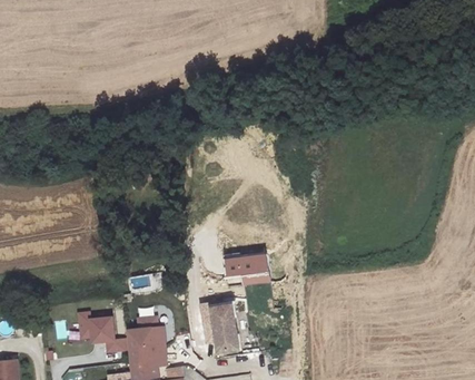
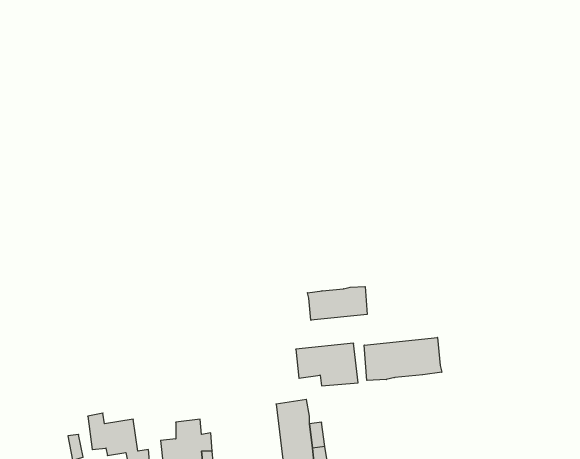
building: none -> [307,287,367,320]
building: none -> [364,337,442,380]

